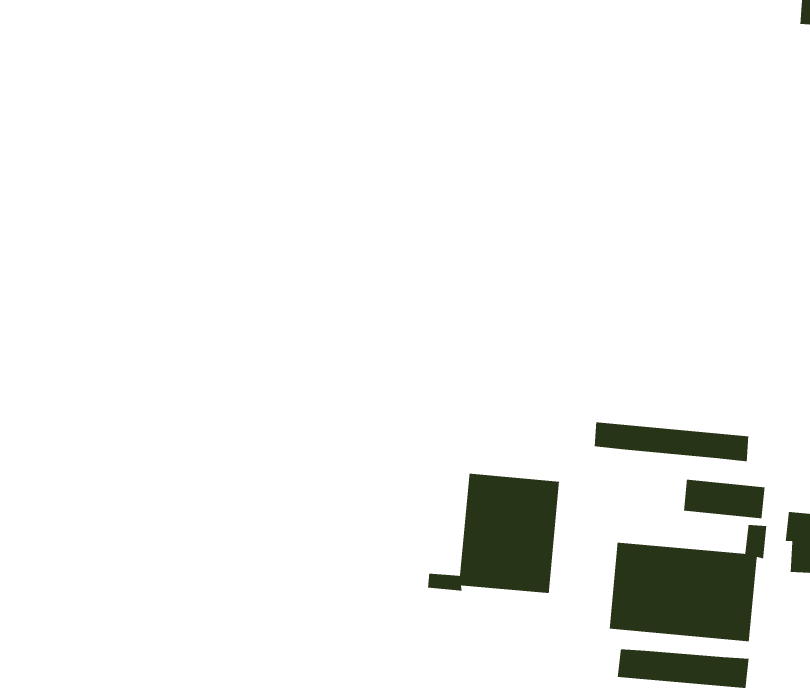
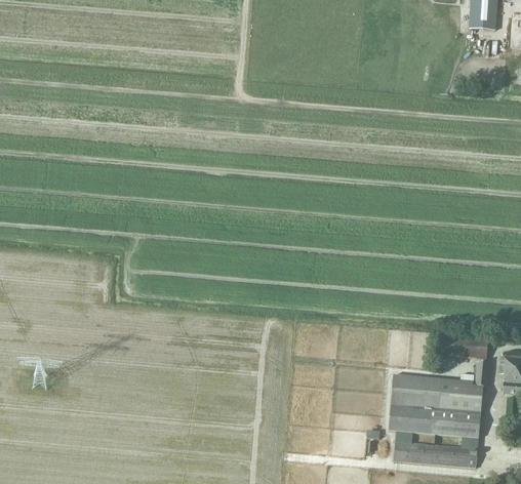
building: [594,422,749,462] -> none
building: [427,473,560,594] -> none

